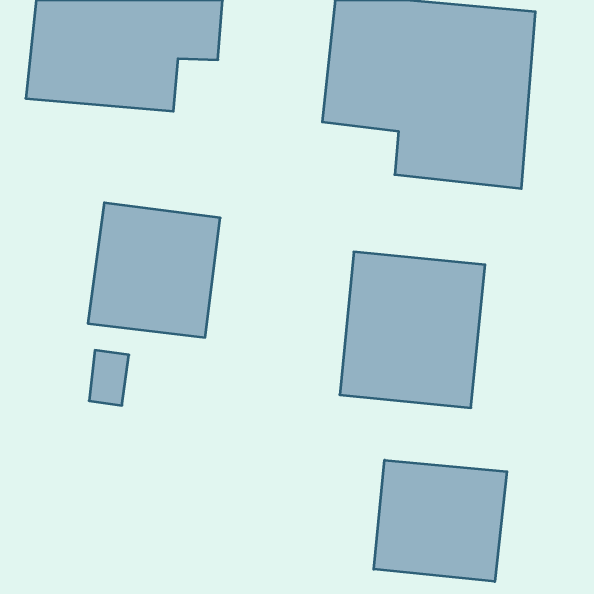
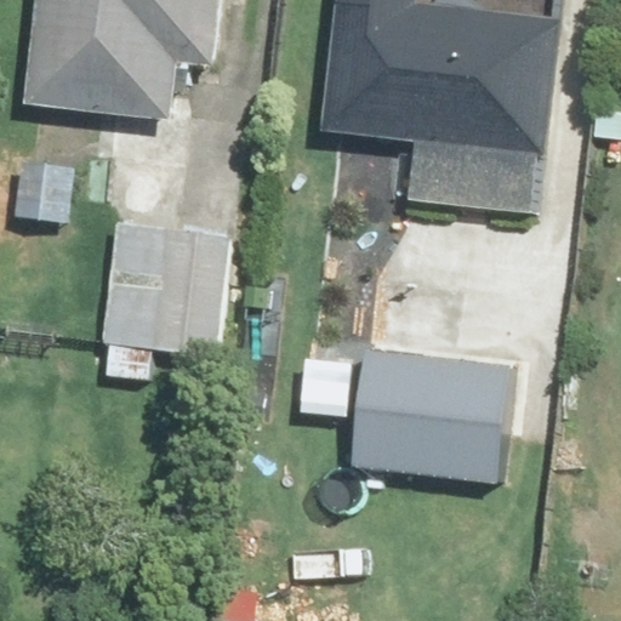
building: [374,460,507,582] -> none

